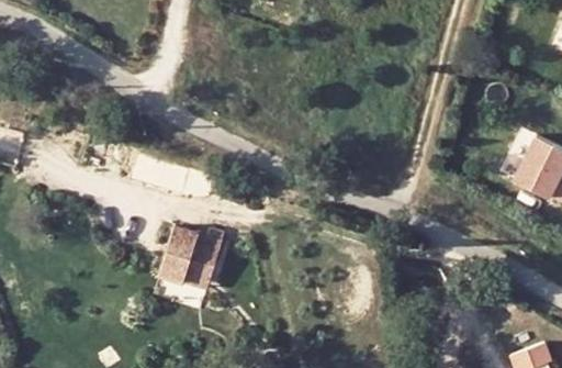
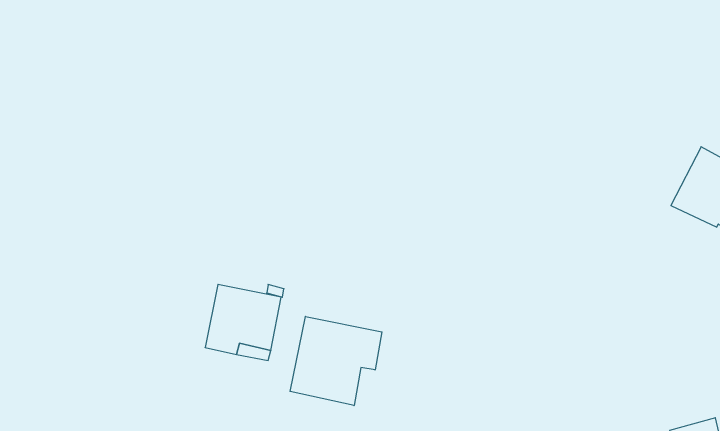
building: none -> [290,316,382,406]

